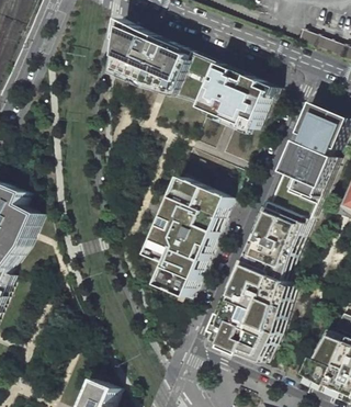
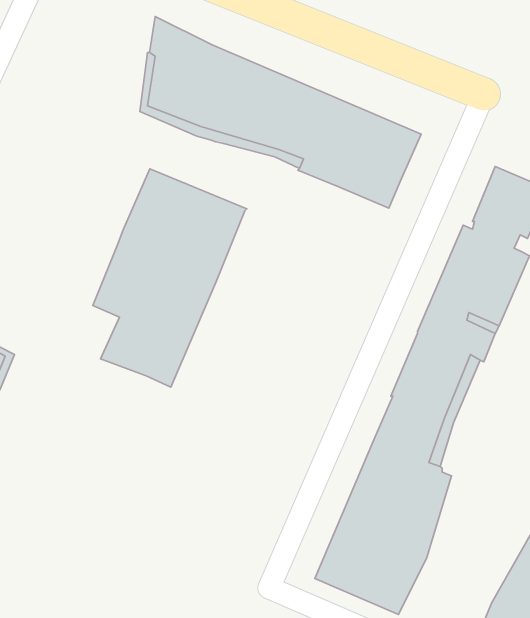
building: [137,174,226,301] -> [93,169,247,387]

